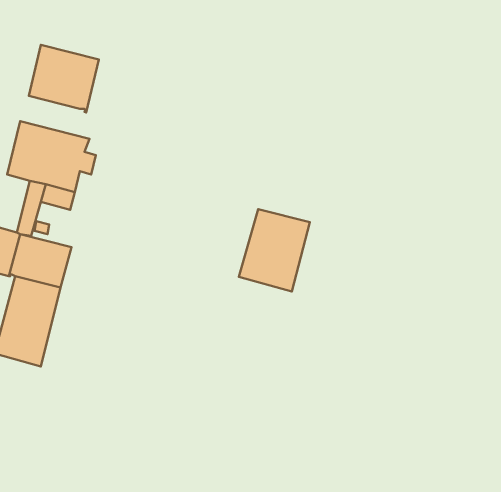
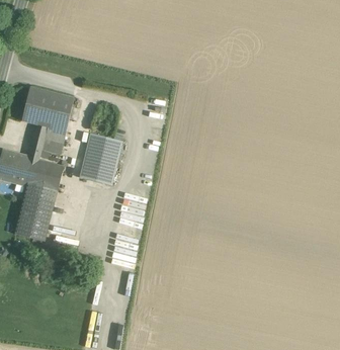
building: [29,45,99,113] -> none
building: [239,209,310,291] -> [79,132,123,183]

